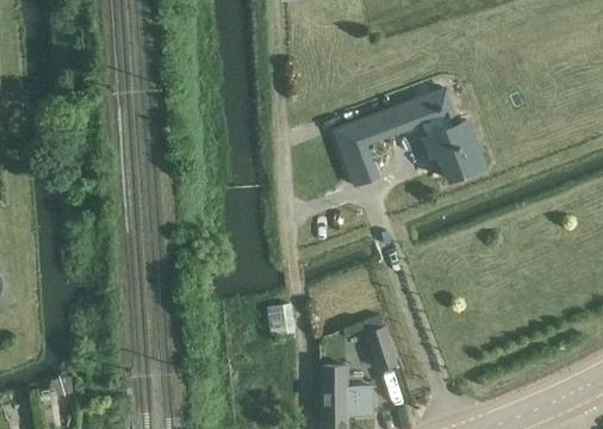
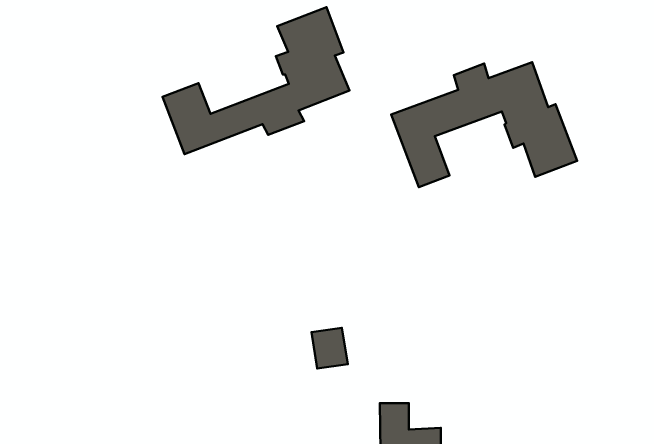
building: none -> [162,7,349,154]
building: [365,327,398,372] -> none

